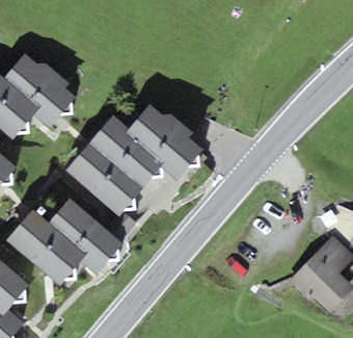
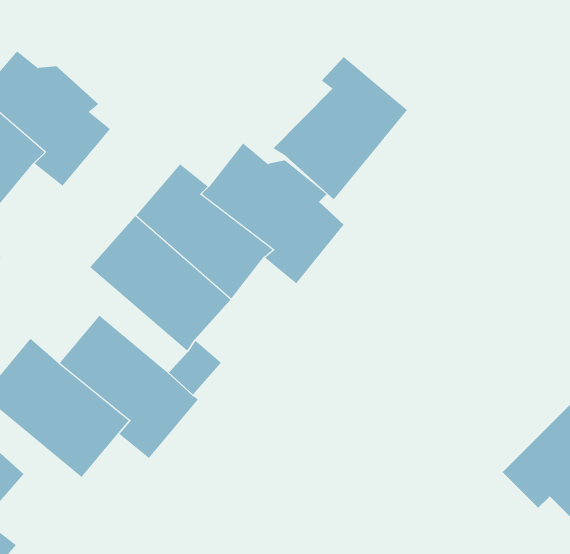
building: none -> [273,56,408,200]

